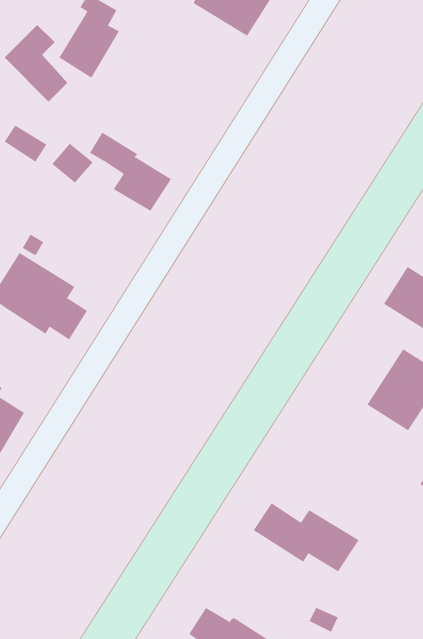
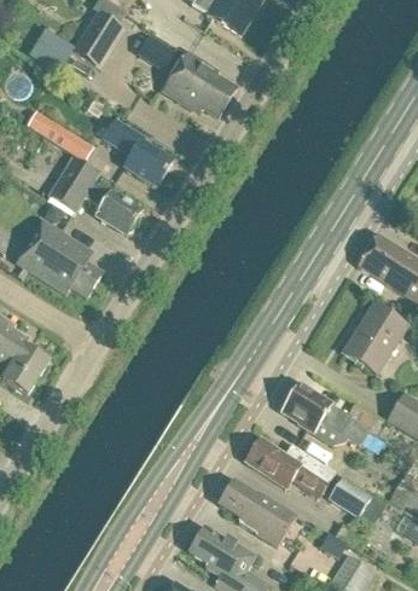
building: none -> [162,51,233,116]
building: none -> [47,157,140,232]
building: none -> [280,382,377,445]
building: none -> [327,476,372,517]
building: none -> [217,480,296,546]

